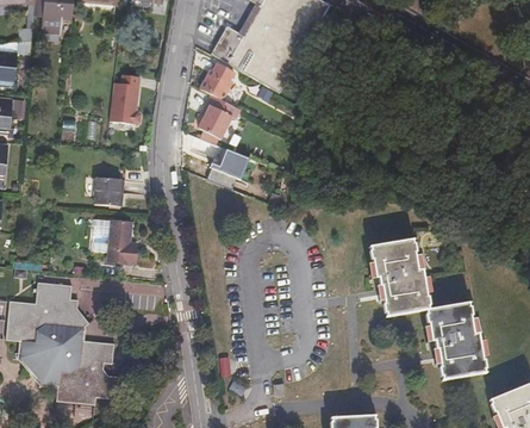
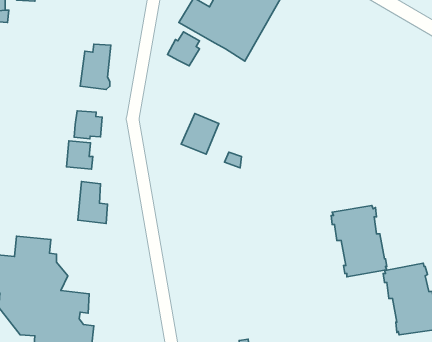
building: [199,92,238,135] -> none
building: none -> [74,111,102,139]

